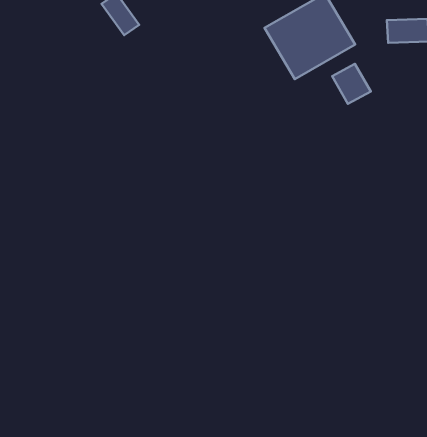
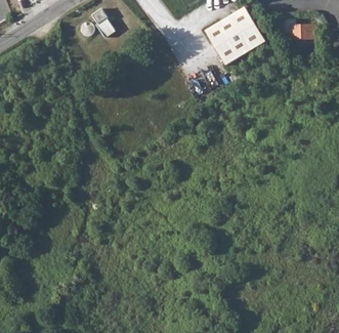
building: [332,64,371,104] -> none

